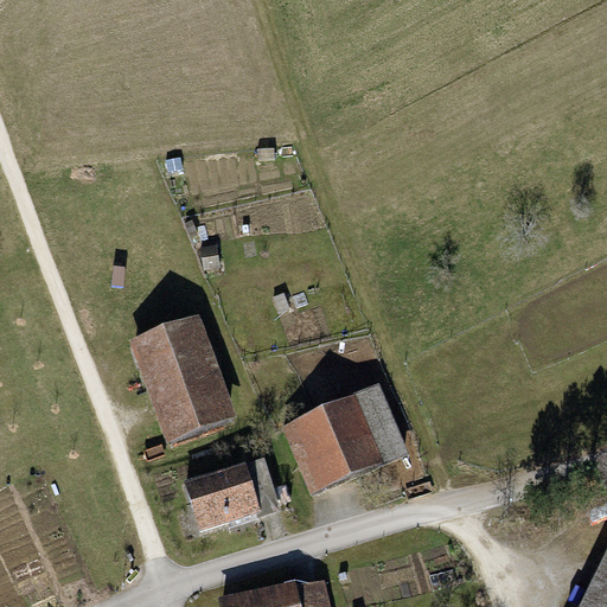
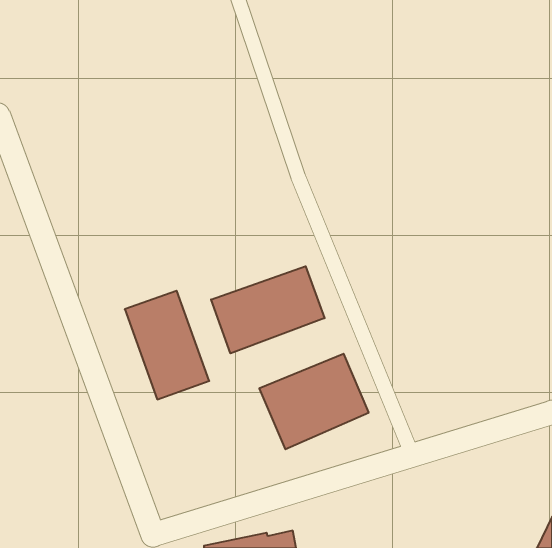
building: none -> [211,266,325,353]
building: [186,460,277,525] -> none

